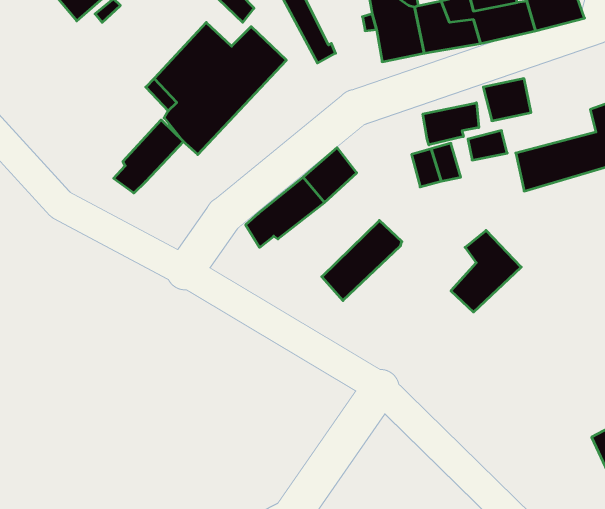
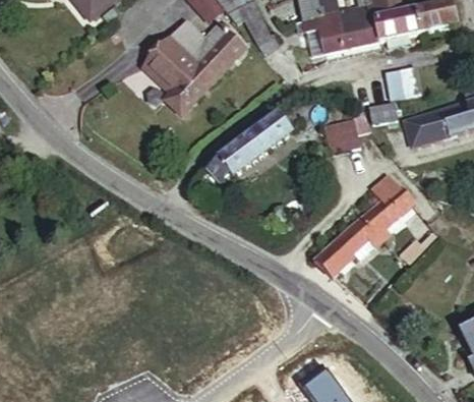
building: [423,103,479,145] -> none
building: [114,120,183,193] -> none
building: [322,220,402,301] -> [318,217,376,275]

